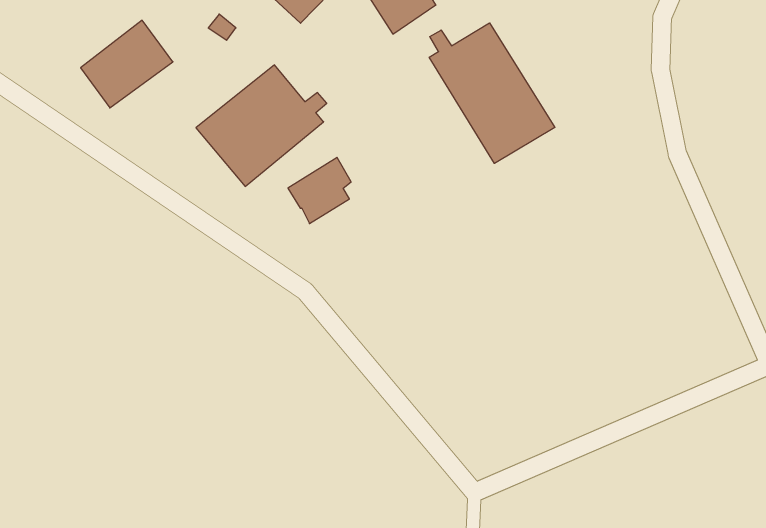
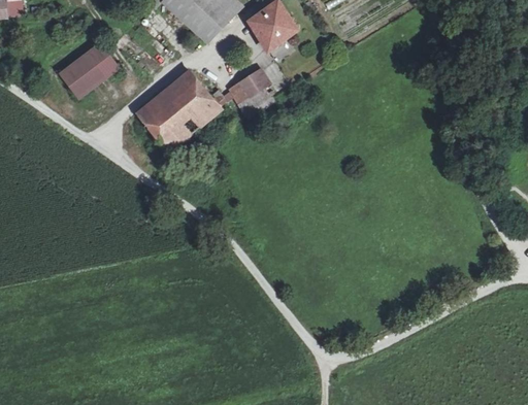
building: [429,23,555,163] -> none
building: [288,157,351,224] -> [229,68,271,112]

